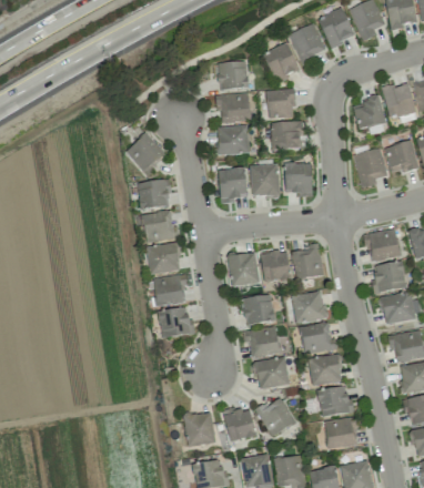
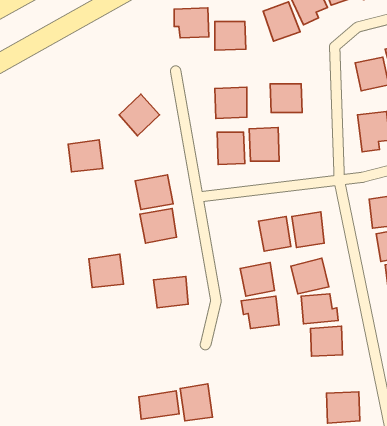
building: [267,90,295,118] -> none
building: [216,93,250,122] -> [174,8,209,38]
building: [285,163,312,194] -> none
building: [138,179,171,210] -> [68,140,103,172]
building: [229,254,259,285] -> none
building: [153,274,186,306] -> [89,254,123,288]
building: [255,357,290,388] -> none
building: [319,386,352,416] -> none
building: [256,395,296,437] -> none
building: [223,405,256,441] -> none
building: none -> [139,391,179,419]

